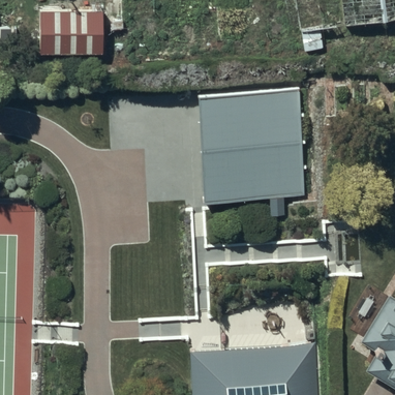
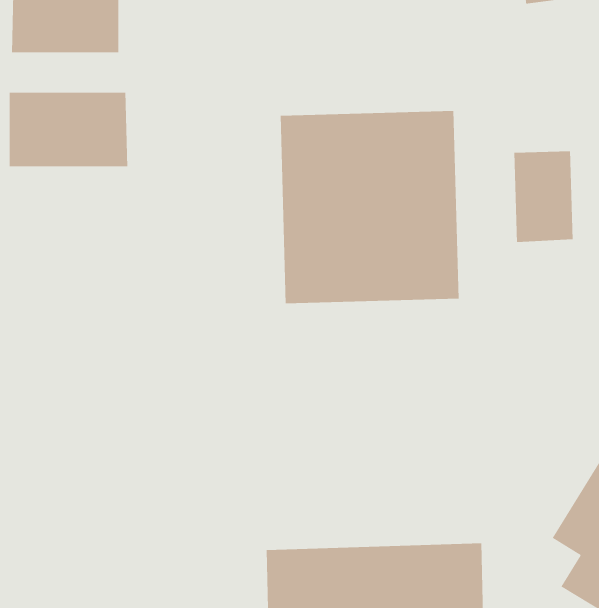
building: none -> [9,92,128,167]
building: none -> [514,151,573,243]

